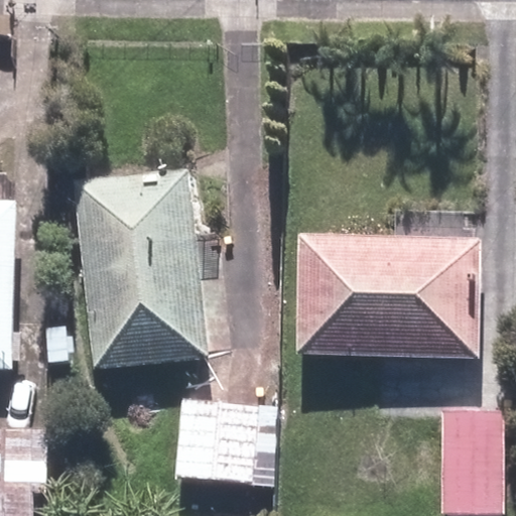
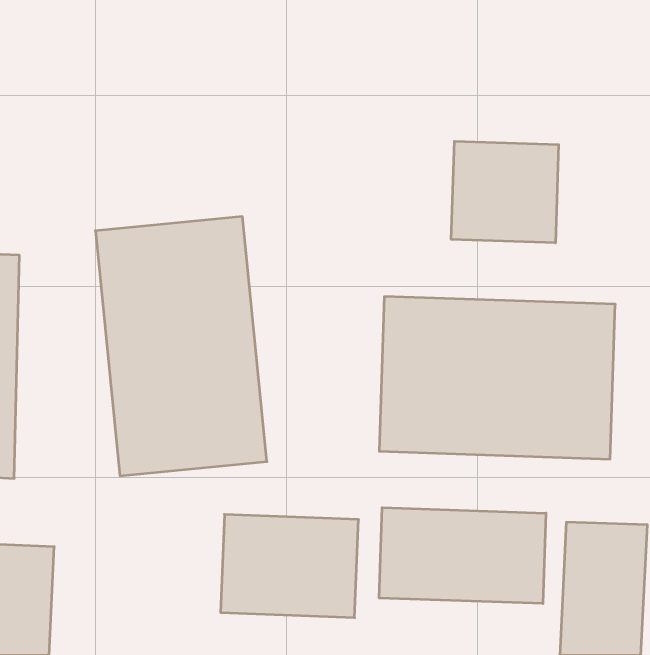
building: none -> [451,141,559,243]
building: none -> [379,508,546,604]

